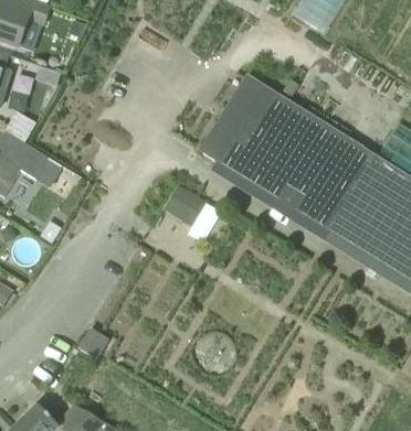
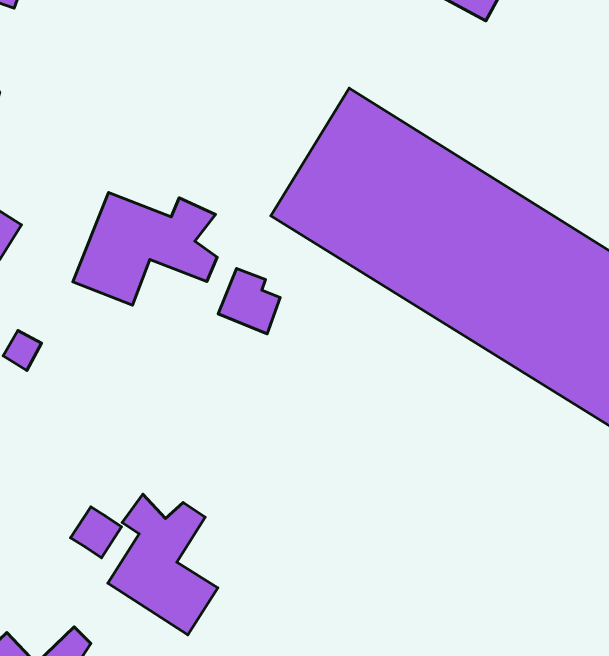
building: none -> [73,192,217,305]
building: none -> [108,494,218,635]

